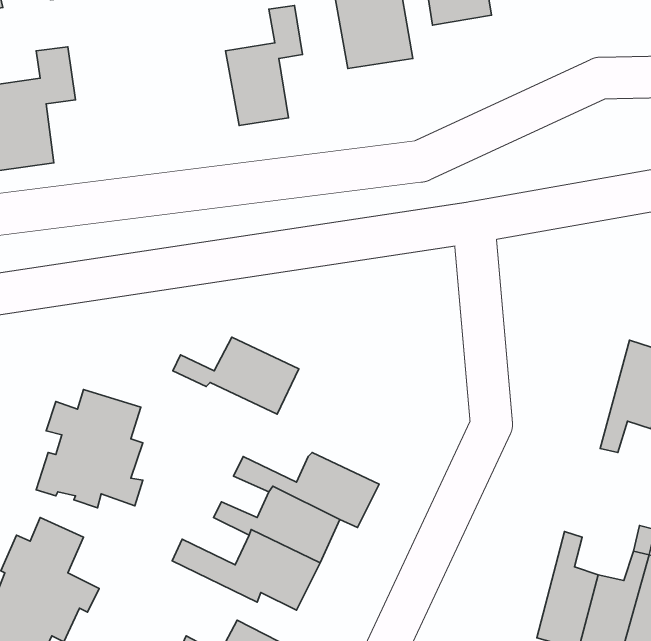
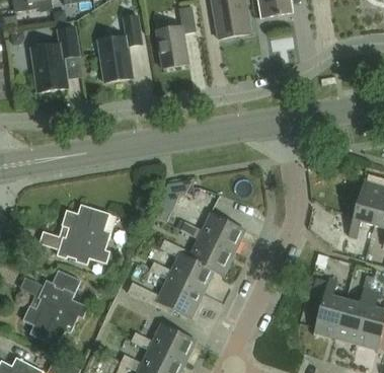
building: none -> [96,15,140,82]
building: [173,337,299,414] -> [179,213,244,252]

